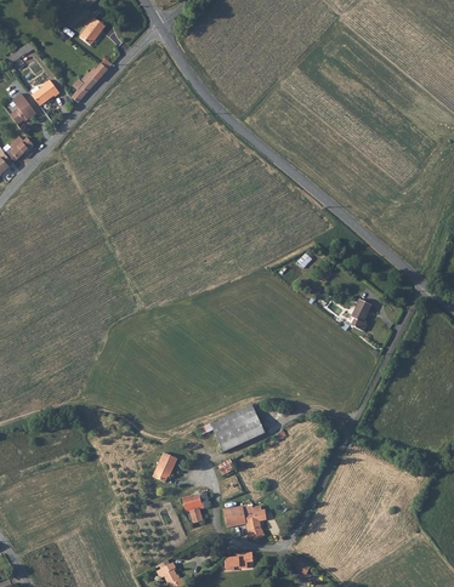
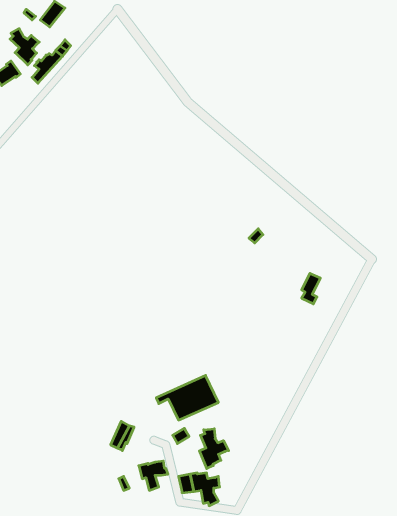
building: none -> [10,29,39,65]
building: none -> [199,429,229,469]

